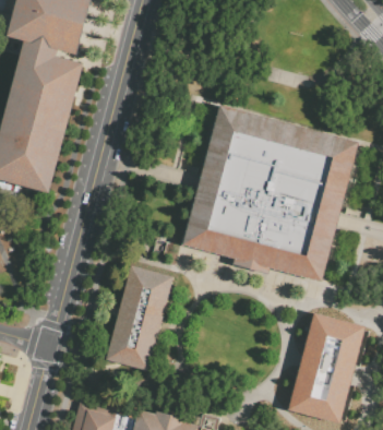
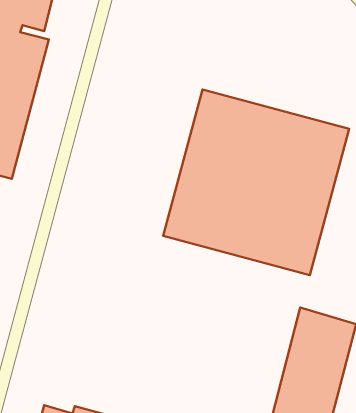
building: [105,265,169,368] -> none

